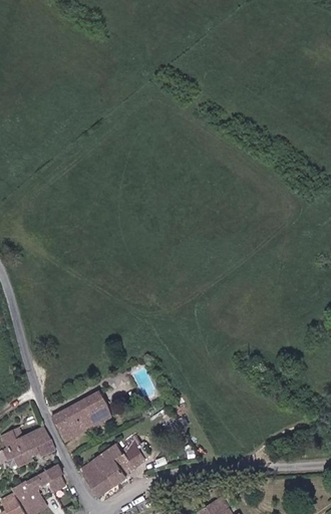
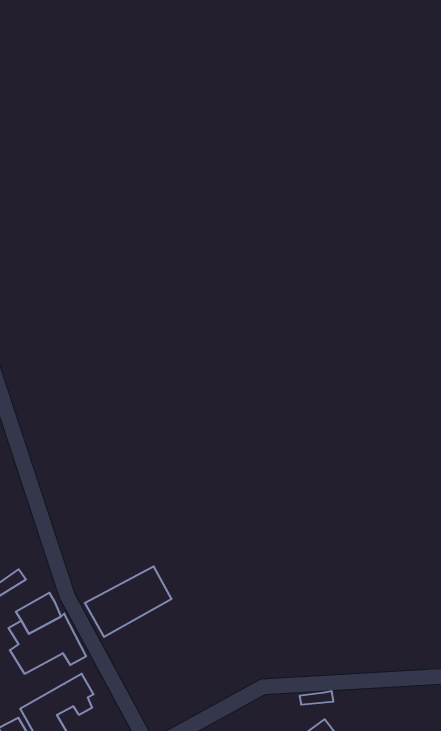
building: [87,446,133,497] -> none

